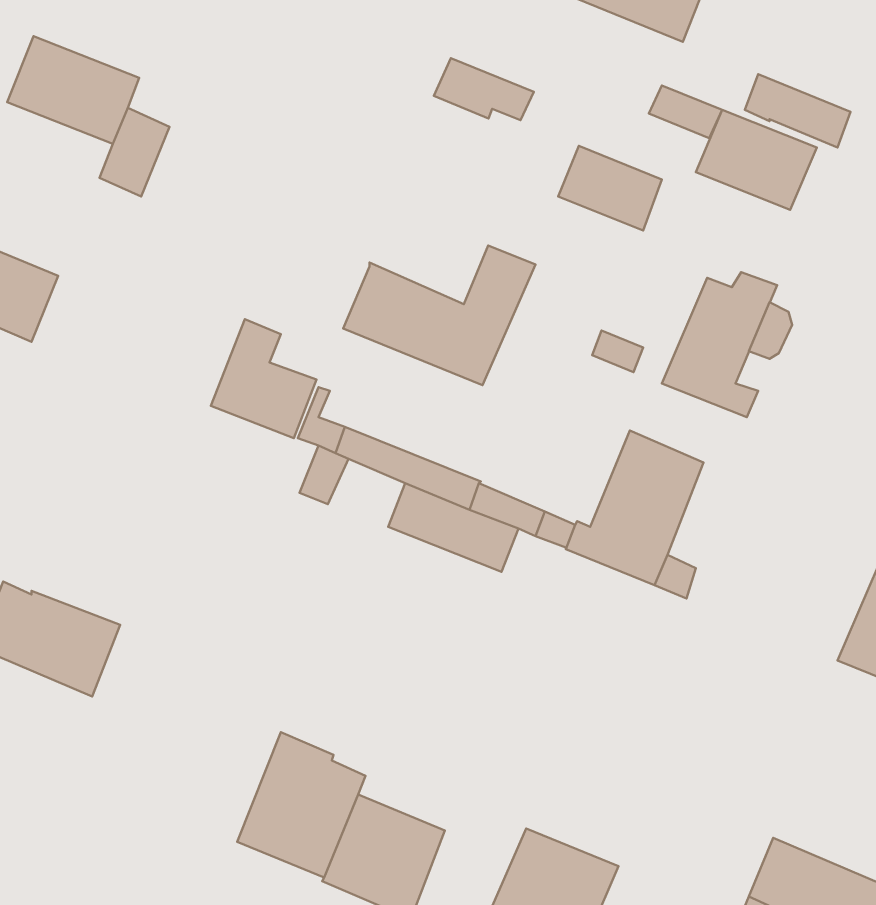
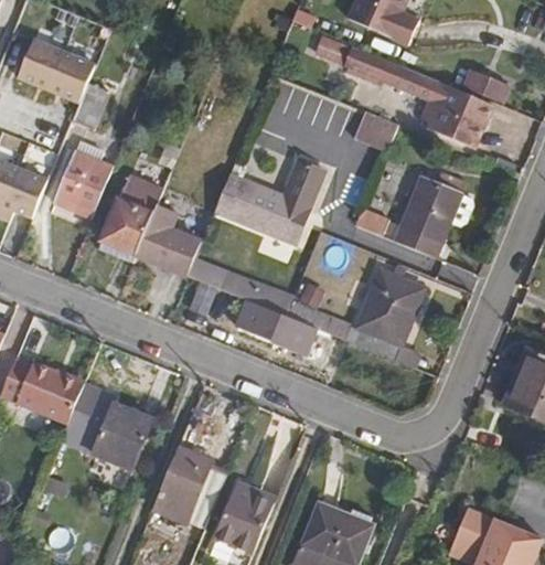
building: [434,58,534,120] -> [341,47,399,84]
building: none -> [53,151,111,215]
building: none -> [95,175,162,271]
building: none -> [61,383,149,466]

